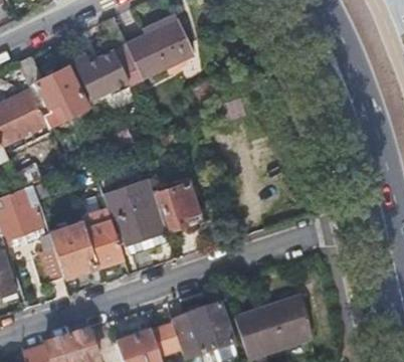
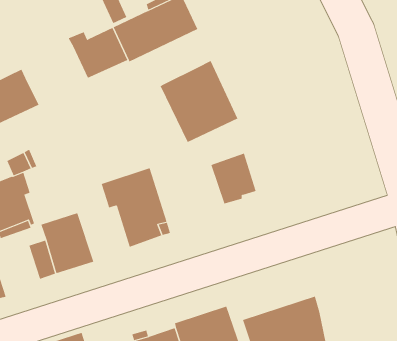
building: [20,55,88,123] -> none
building: none -> [160,60,238,143]
building: [158,181,200,228] -> [211,153,257,204]
building: [82,209,120,265] -> none

